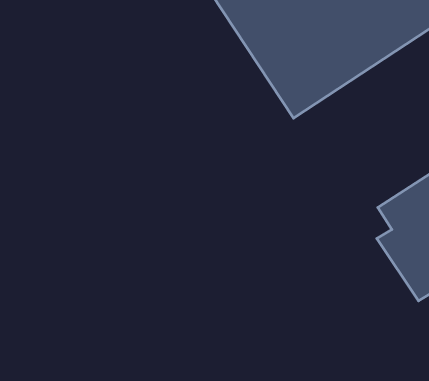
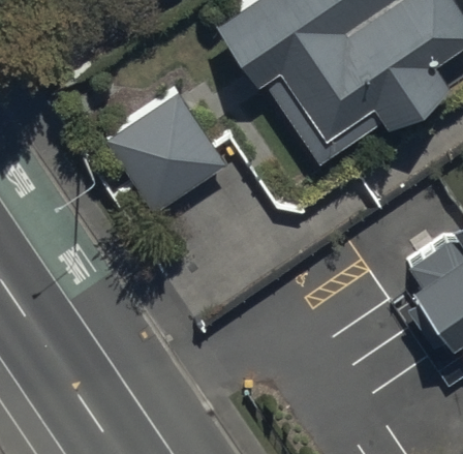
building: none -> [109,96,223,212]

